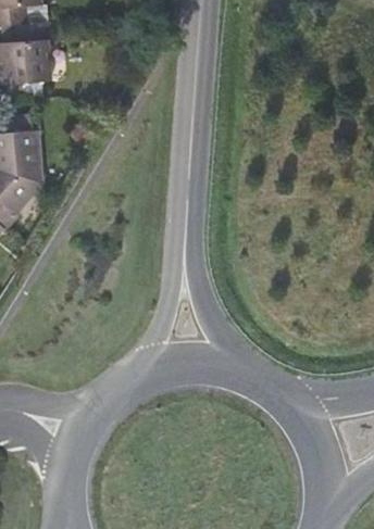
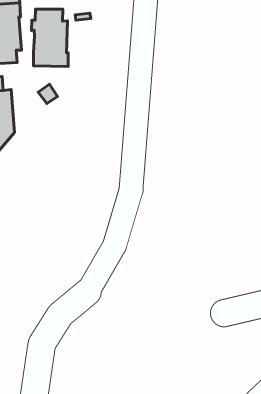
building: none -> [32,9,68,66]

